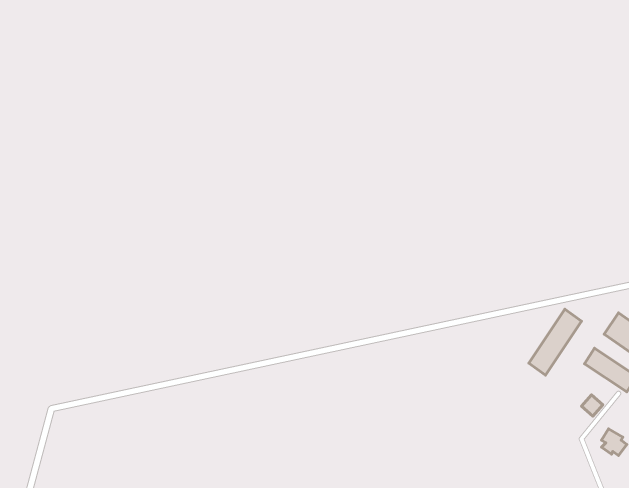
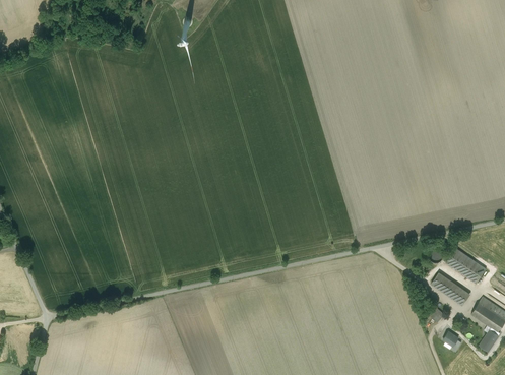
building: [529,309,581,375] -> none

